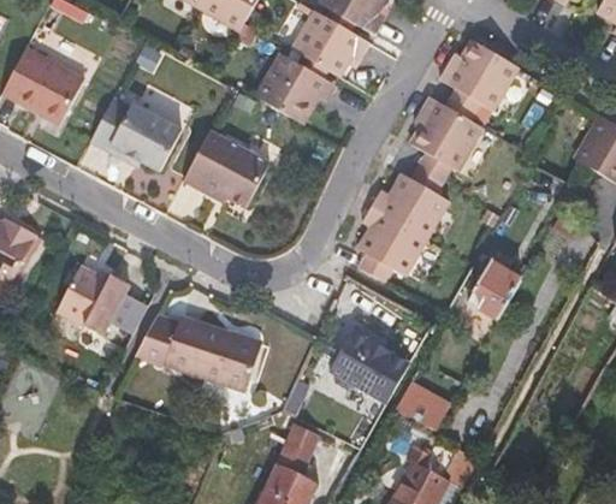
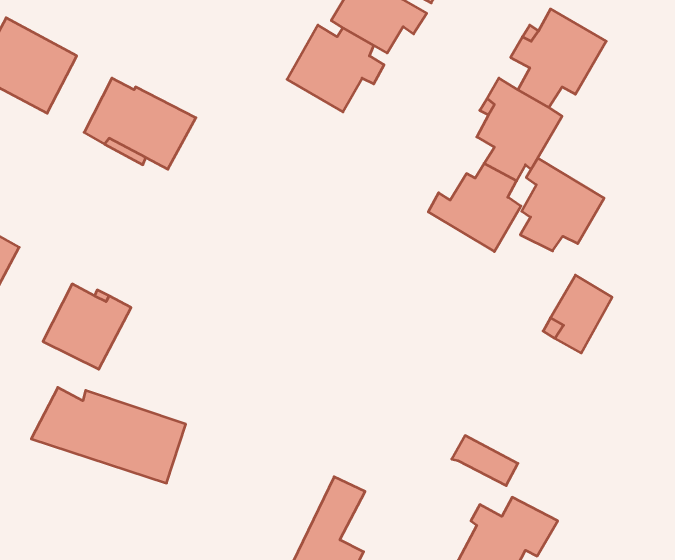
building: [183,130,270,207] -> none
building: [357,206,426,281] -> [520,158,604,251]
building: [136,313,262,391] -> [31,387,186,483]
building: [328,331,409,403] -> none

